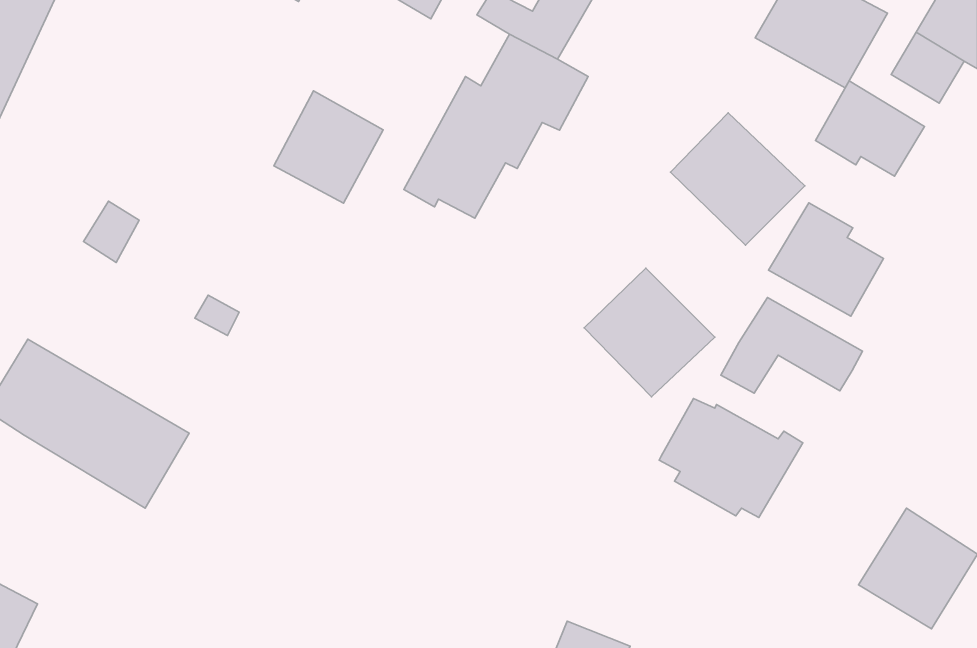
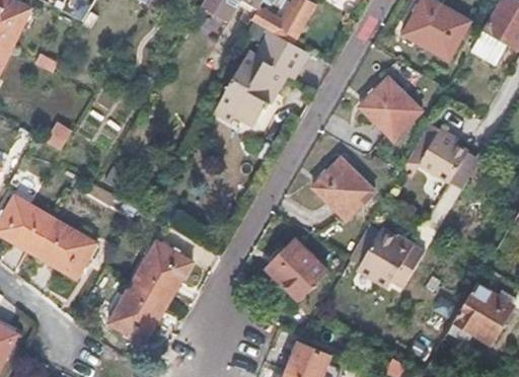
building: [815,81,924,176] -> none
building: [274,91,383,203] -> none
building: [721,298,863,393] -> none
building: none -> [268,239,329,301]
building: none -> [104,240,193,350]

